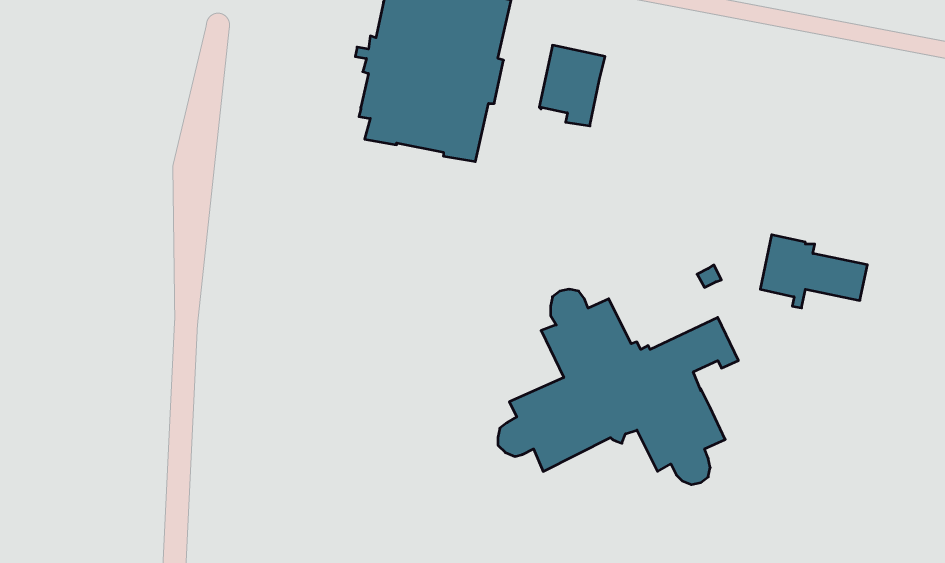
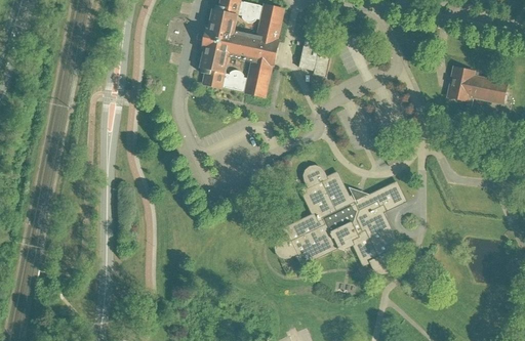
building: [760,235,867,308] -> [448,67,507,106]

